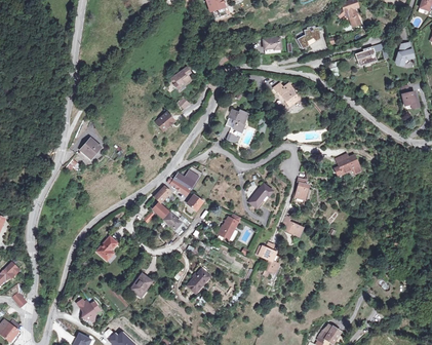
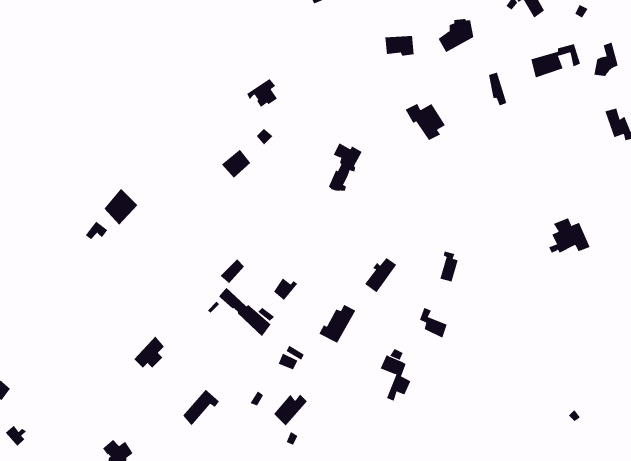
building: [333,151,361,175] -> [548,217,591,253]
building: [167,166,200,193] -> none

